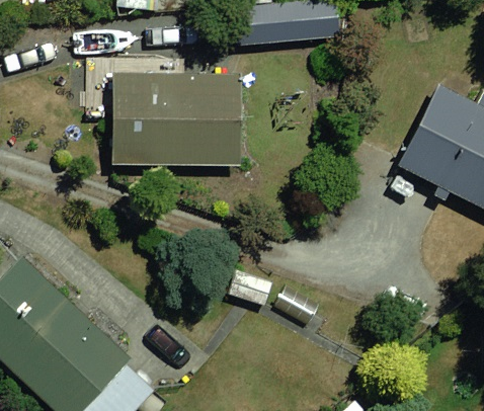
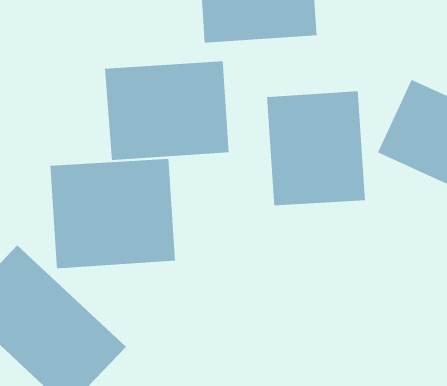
building: none -> [267,90,365,206]
building: none -> [50,158,176,269]

